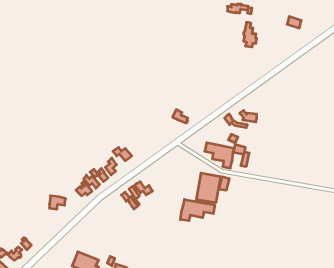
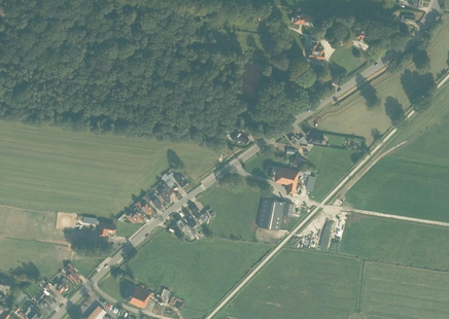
building: [180,199,215,221] -> none

